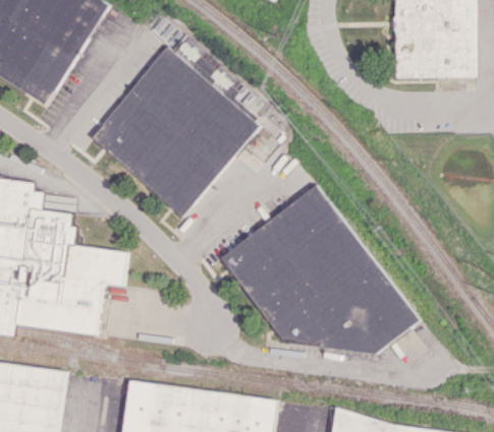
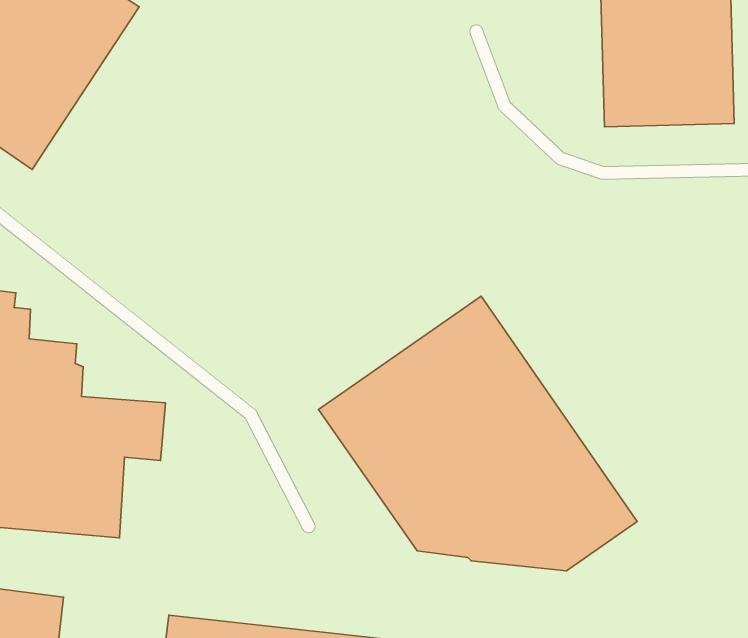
building: [92,47,259,213] -> none

